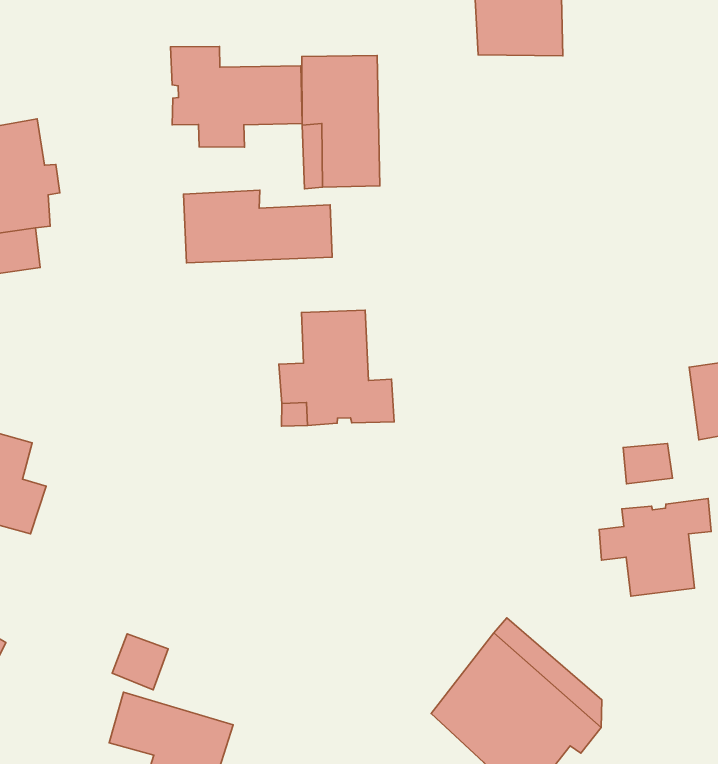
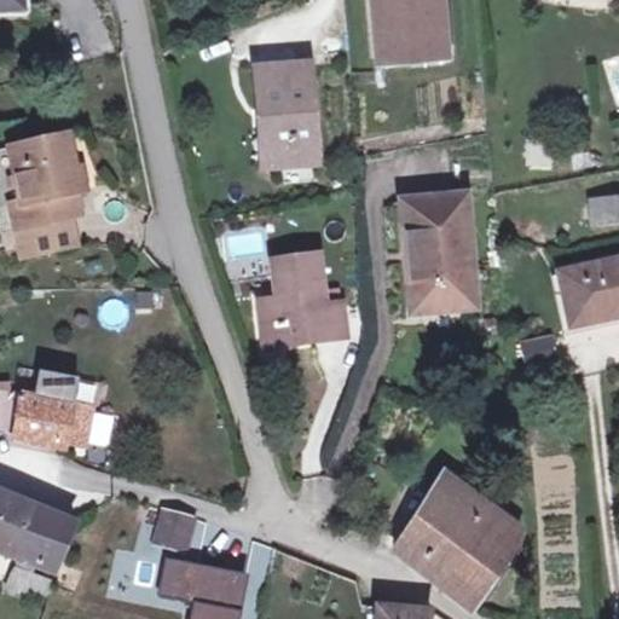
building: [171,46,302,147] -> none
building: [184,190,332,263] -> none
building: none -> [406,193,479,307]
building: [599,498,711,596] -> none

